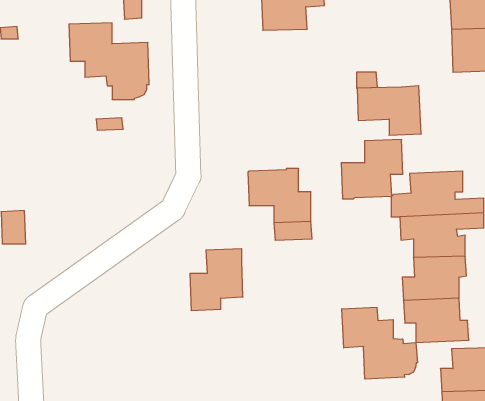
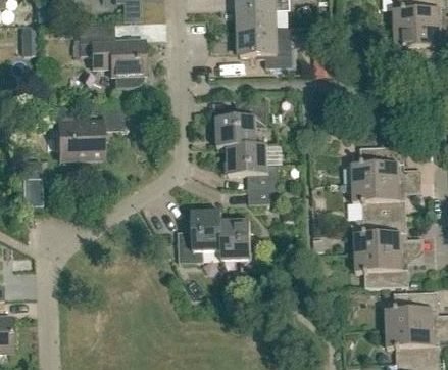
building: [357,86,421,135] -> [238,28,291,68]
building: none -> [47,106,103,159]
building: [341,140,403,199] -> [215,98,266,147]
building: none -> [220,219,259,270]
building: [342,307,417,379] -> none

